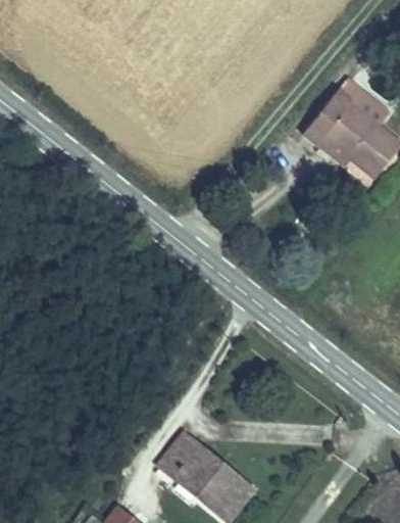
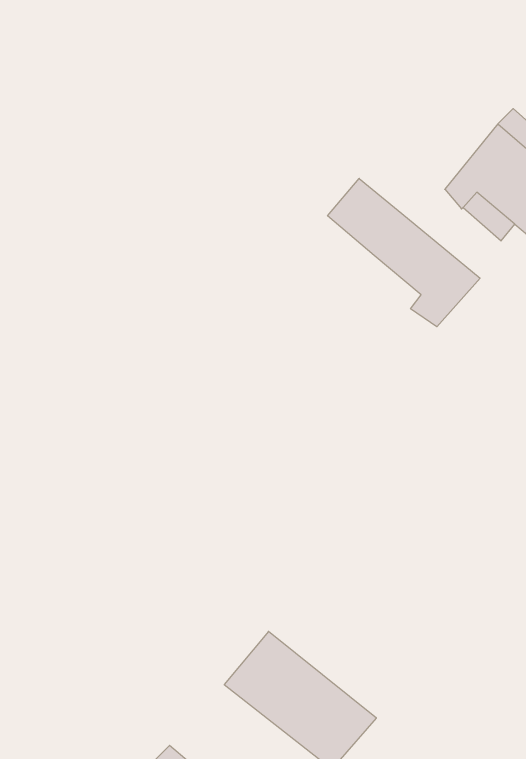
building: none -> [328,178,480,327]

